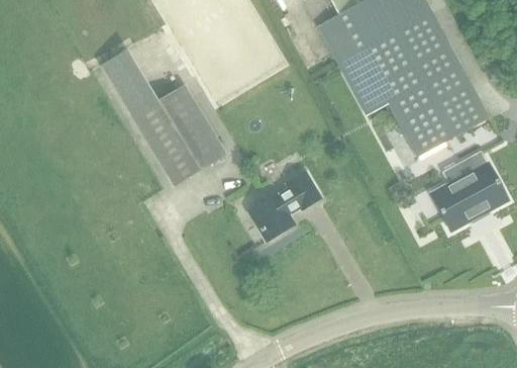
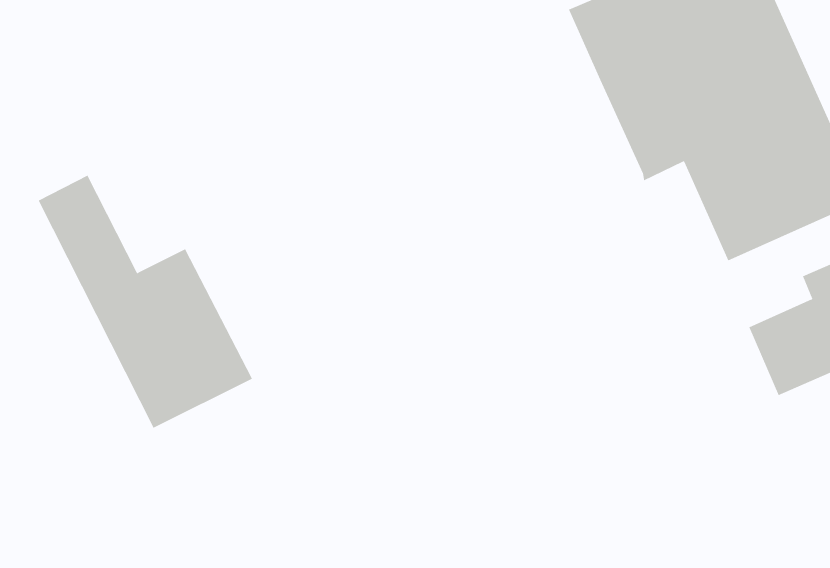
building: [102,50,227,186] -> [38,175,253,429]
building: [249,172,322,242] -> none

